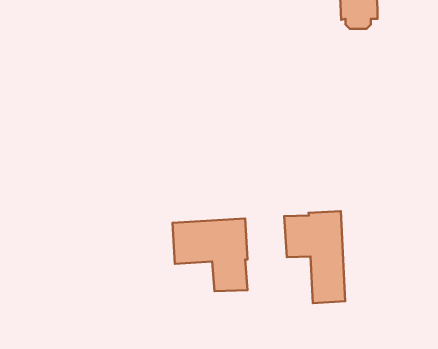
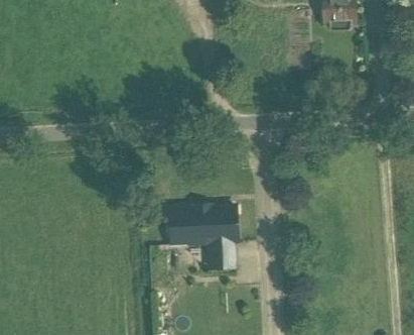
building: [284,211,345,303] -> none

